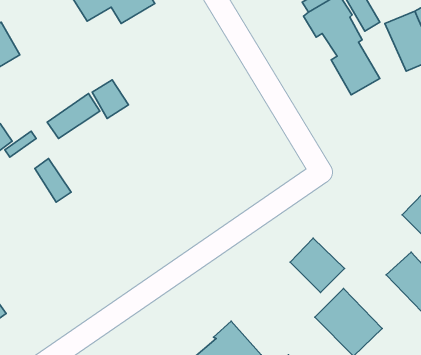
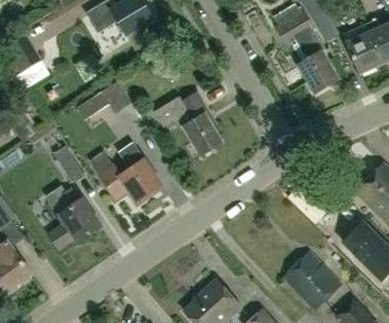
building: none -> [153,91,223,155]
building: none -> [99,144,161,202]
building: none -> [47,185,102,249]
building: [290,238,344,293] -> none

